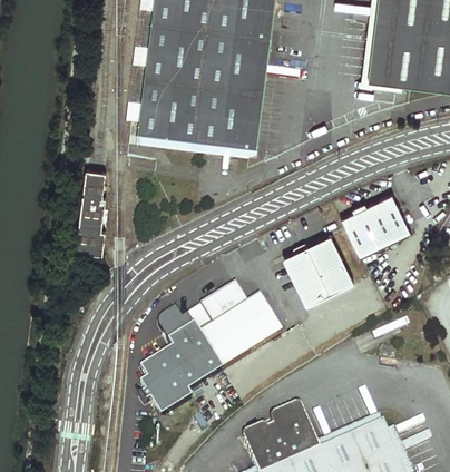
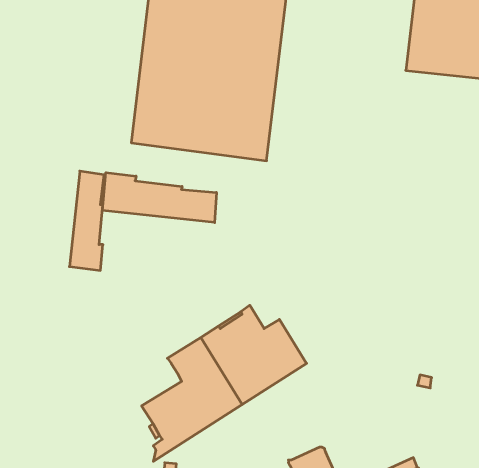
building: none -> [102,173,216,223]
building: [342,193,411,256] -> none
building: [284,233,355,304] -> none

